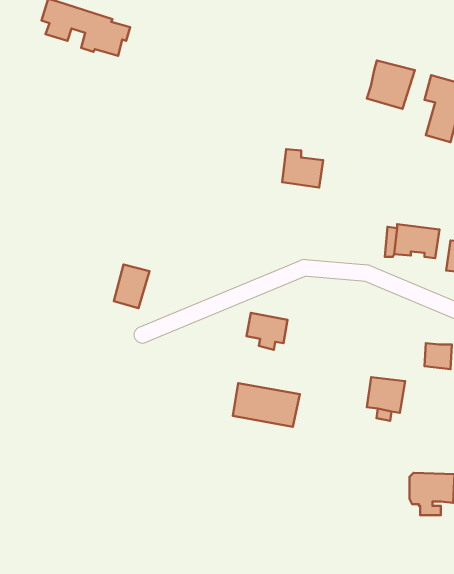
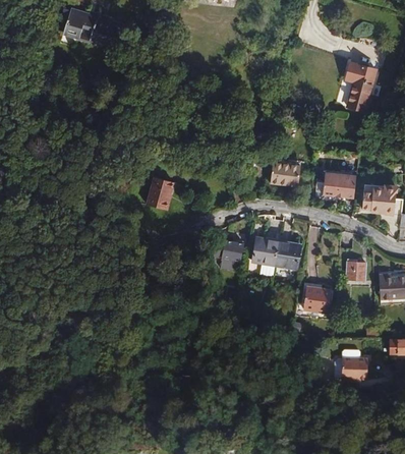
building: [367,61,415,109] -> none
building: [282,149,323,187] -> [270,159,300,187]
building: [114,264,149,308] -> [147,177,173,210]
building: [233,383,300,427] -> [251,237,301,270]

